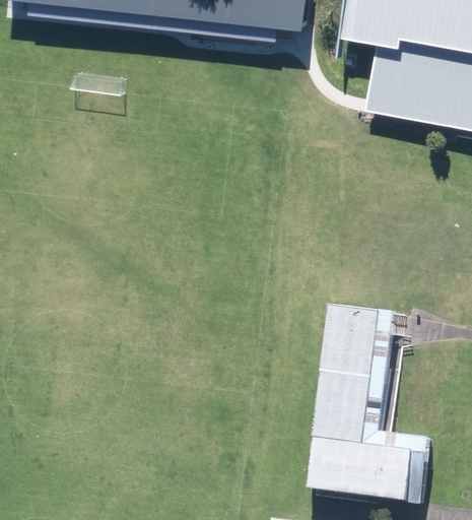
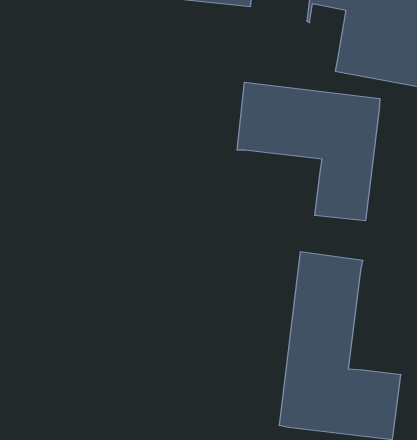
building: none -> [237,82,380,221]

